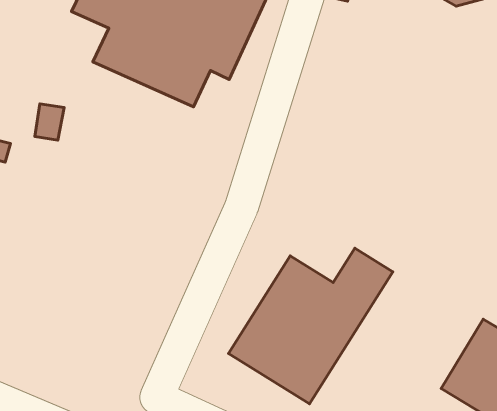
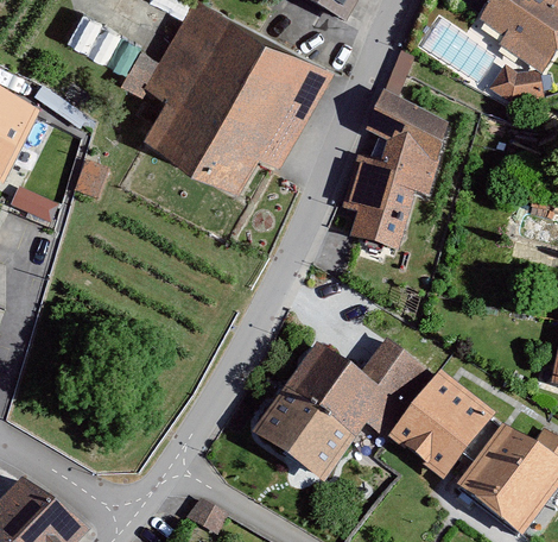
building: none -> [342,96,448,251]
building: none -> [385,365,493,474]

